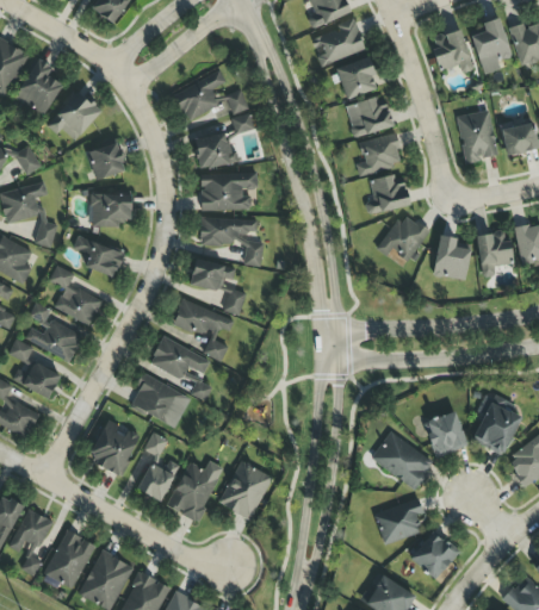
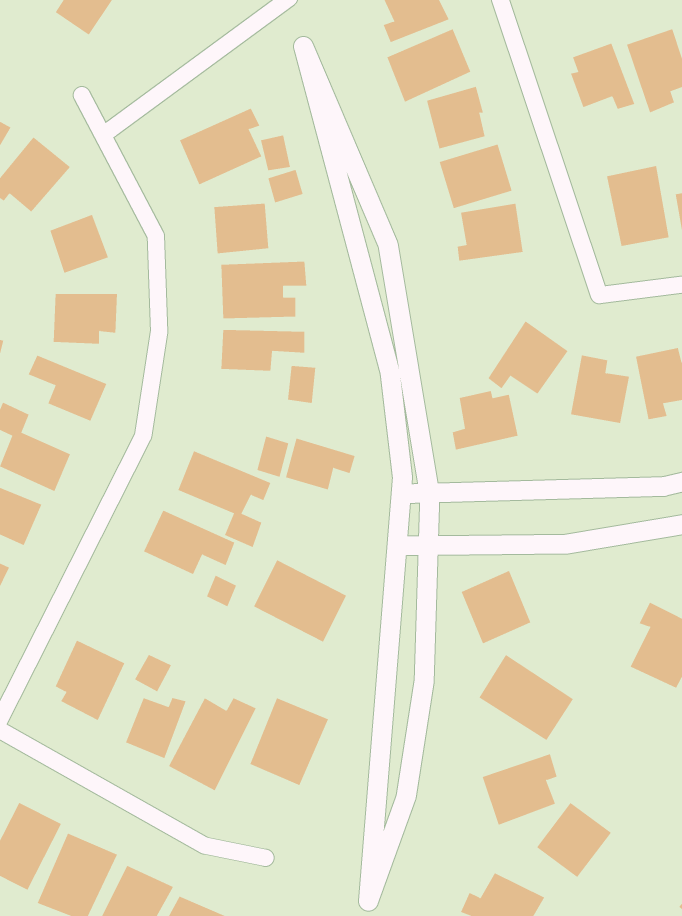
building: [366,175,410,214] -> [452,391,518,450]
building: [190,257,236,292] -> [285,438,355,490]
building: [129,374,191,429] -> [253,560,347,643]
building: [422,410,469,459] -> [461,570,531,644]

